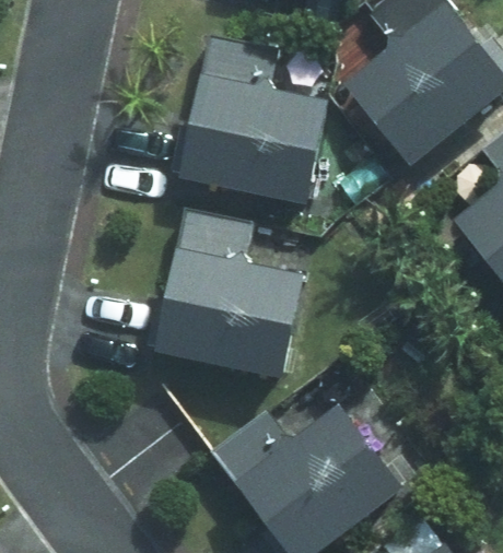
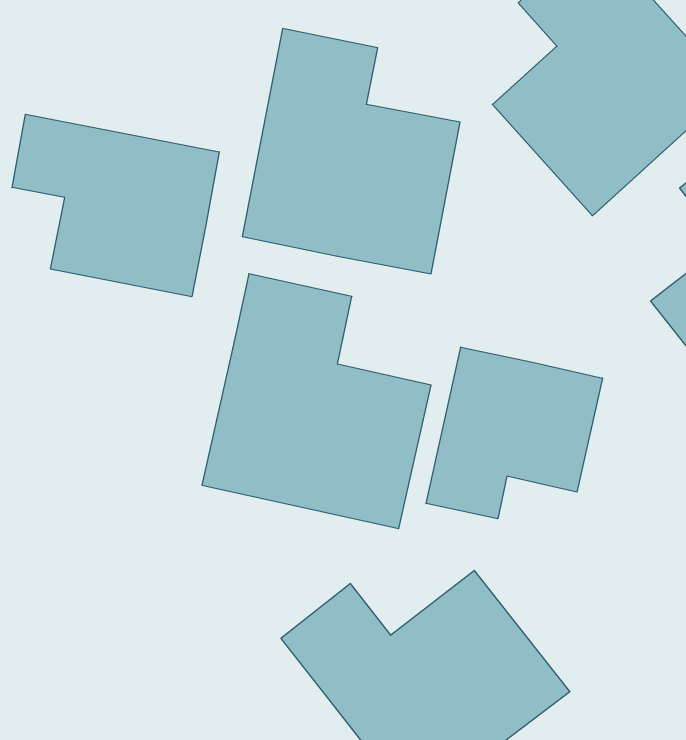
building: none -> [12,114,219,297]
building: none -> [426,347,602,519]

